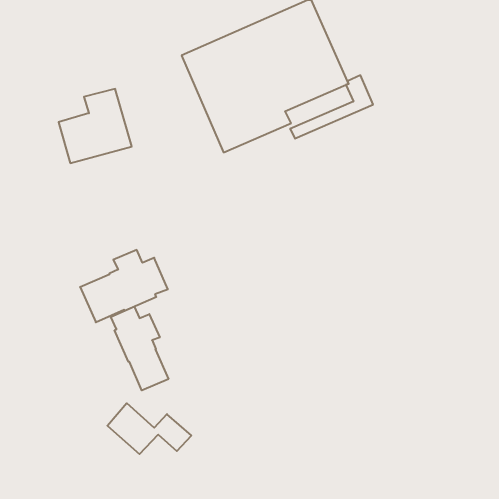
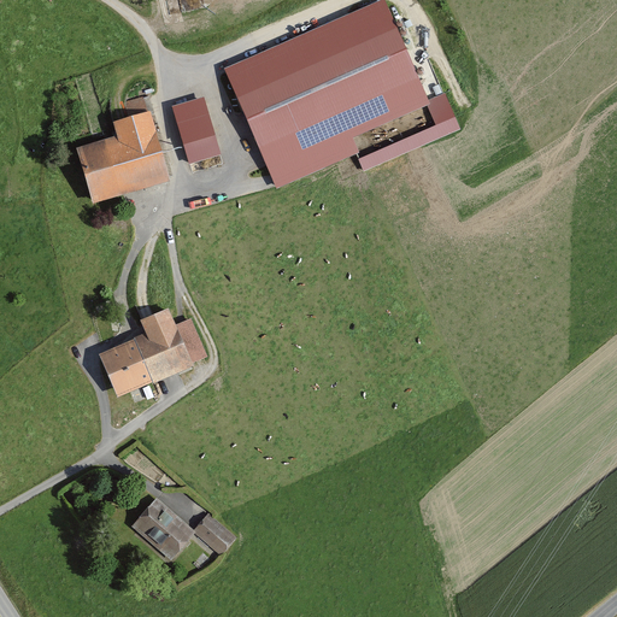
building: none -> [172,98,222,164]
building: [111,306,168,390] -> none

